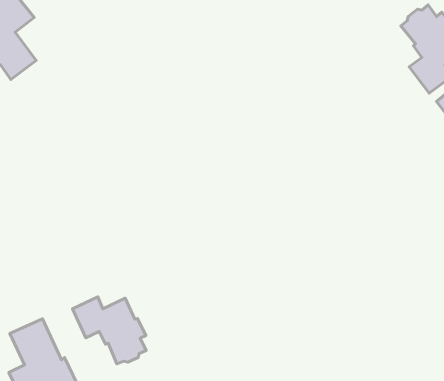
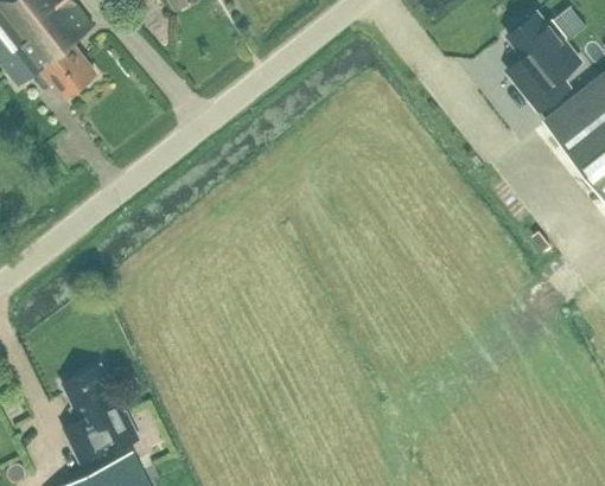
building: [72,297,146,364] -> none

